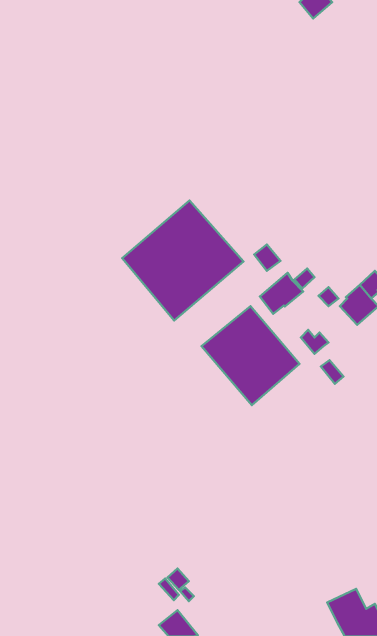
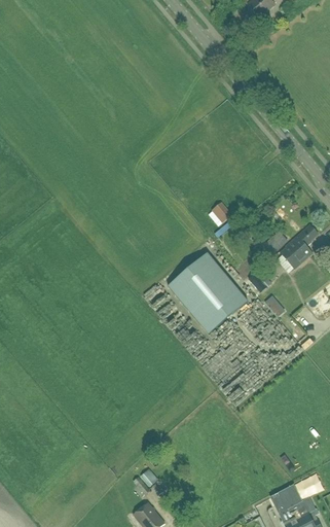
building: [122,200,243,320] -> none
building: [260,273,303,314] -> none

